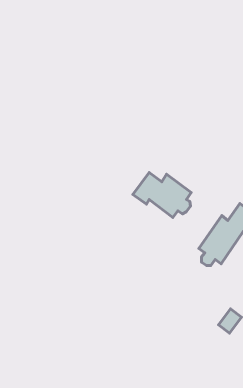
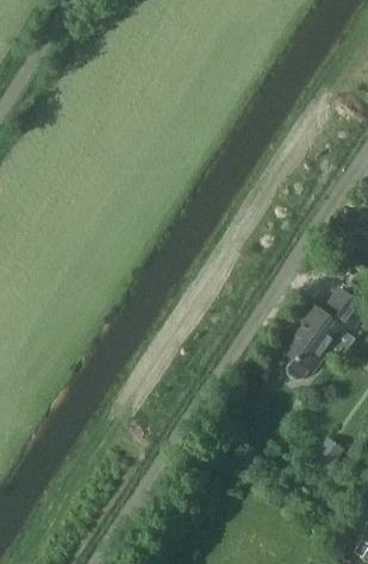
building: [133,172,191,218] -> none

